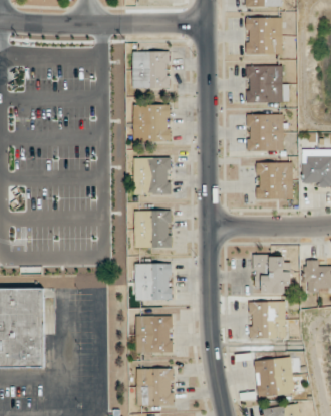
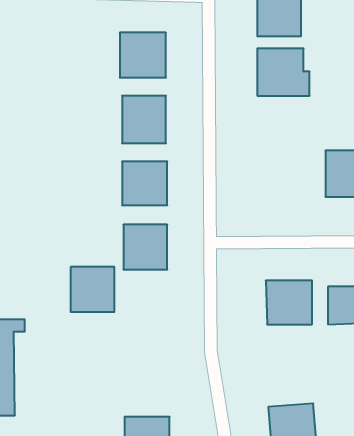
building: [246,114,284,152] -> none
building: [256,162,293,200] -> none
building: [135,264,172,301] -> [71,267,114,312]
building: [249,302,287,339] -> none
building: [135,317,172,353] -> none

